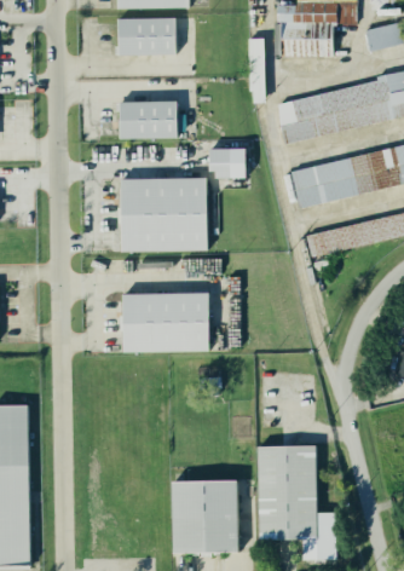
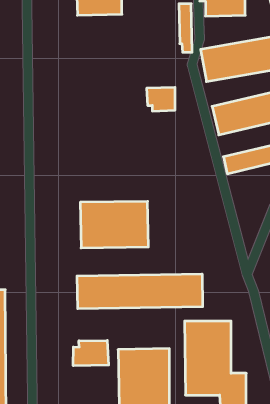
building: [119,102,177,139] -> none
building: [119,178,206,252] -> none
building: none -> [77,274,203,309]
building: none -> [73,340,109,366]

